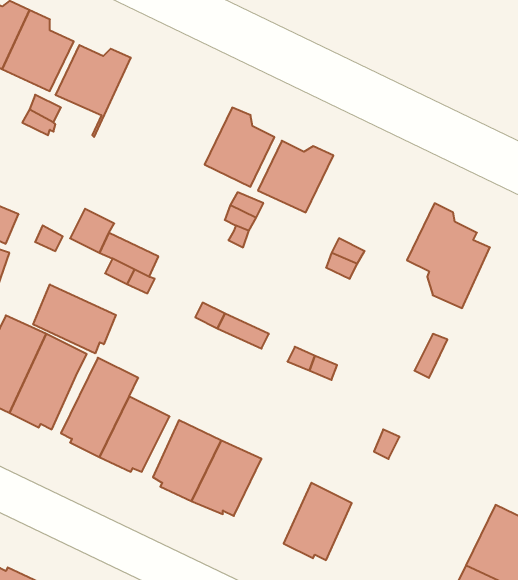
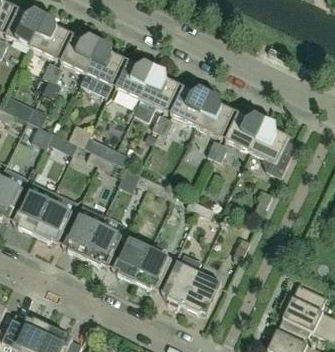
building: none -> [81,41,124,96]
building: none -> [115,60,156,99]
building: none -> [196,94,234,137]
building: none -> [225,112,266,151]
building: [33,284,116,353] -> none
building: none -> [162,262,199,305]

